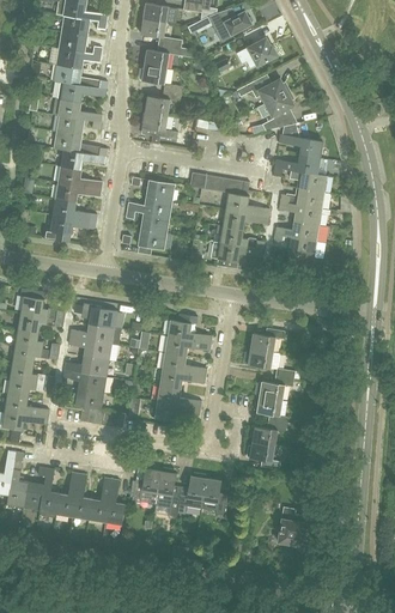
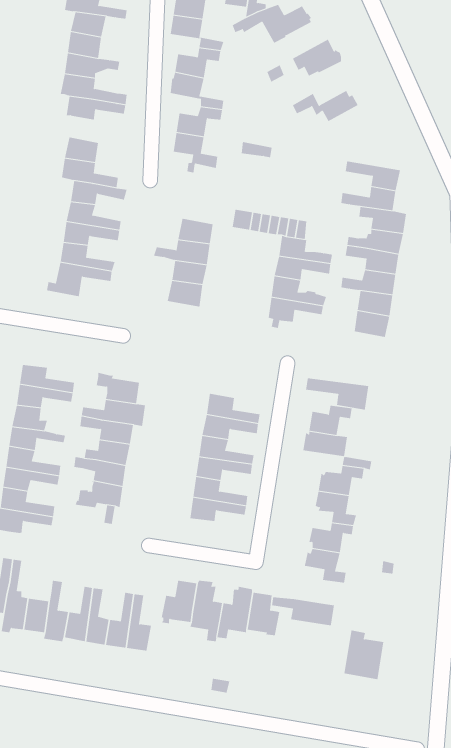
building: [253,90,294,133] -> none
building: [53,98,102,122] -> none
building: none -> [305,378,369,411]
building: none -> [271,596,335,626]

